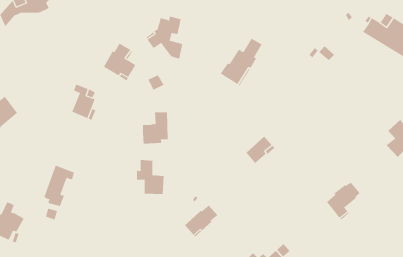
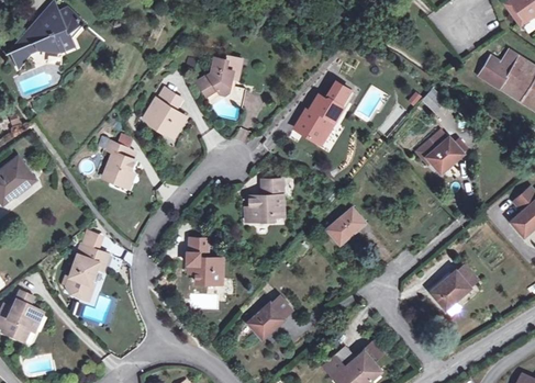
building: none -> [415,131,462,171]
building: [142,112,169,144] -> [249,179,283,221]

